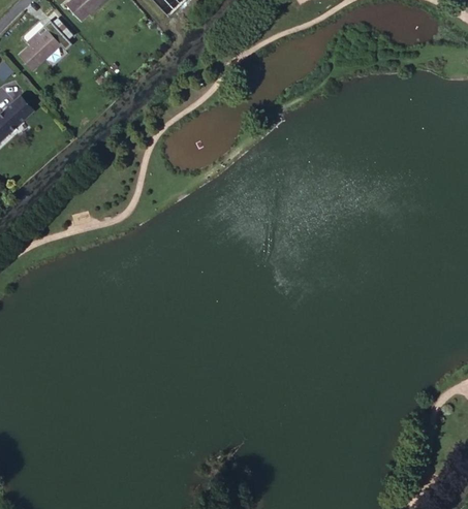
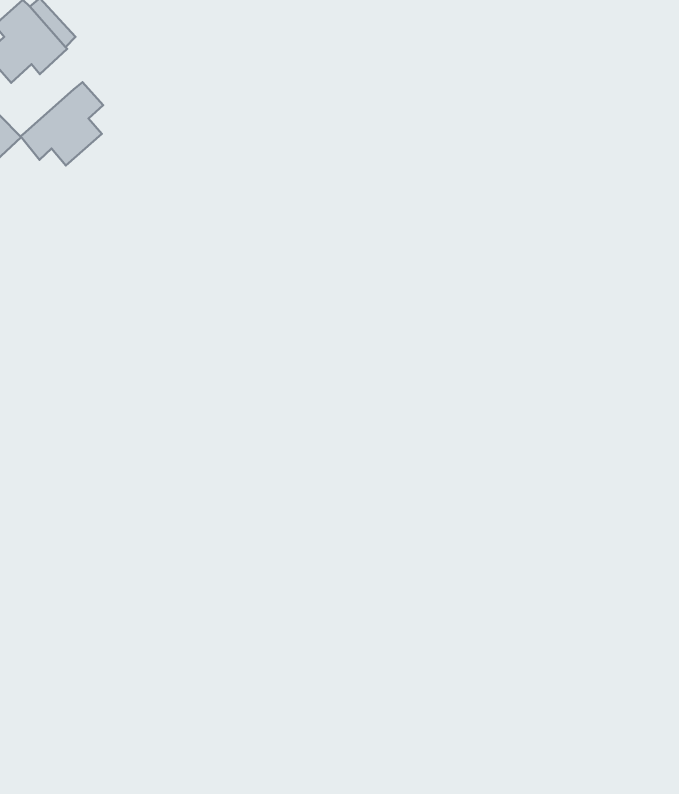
building: none -> [21,82,103,166]

